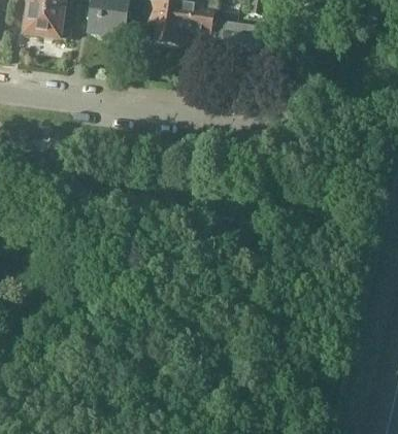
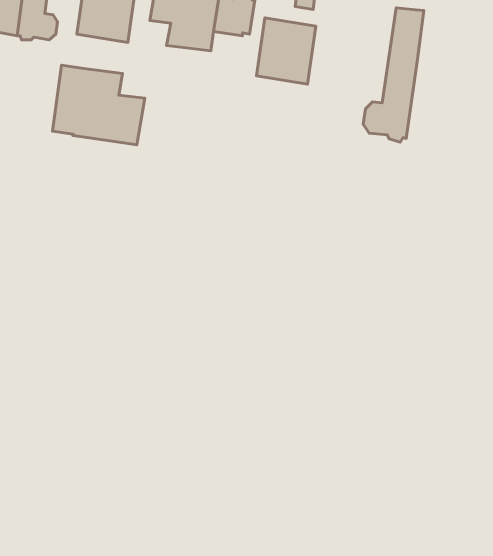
building: none -> [363,8,424,142]
building: none -> [52,65,145,145]

